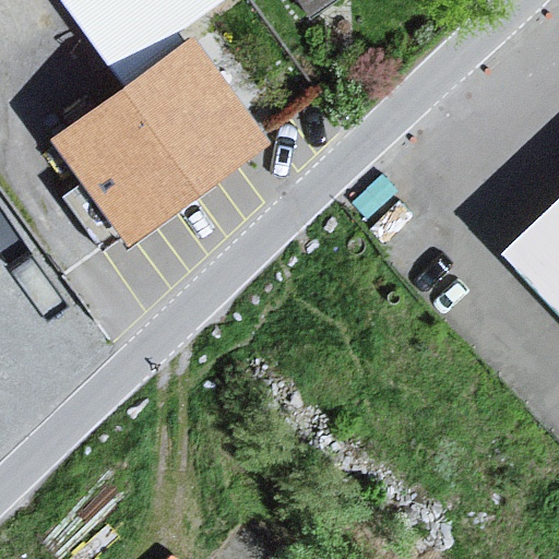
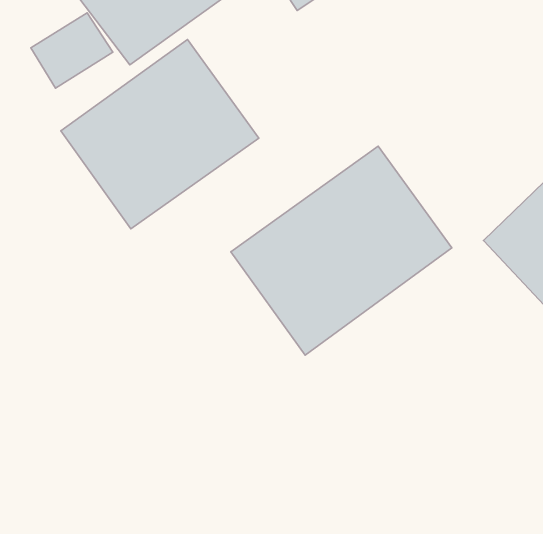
building: none -> [231,146,452,355]

